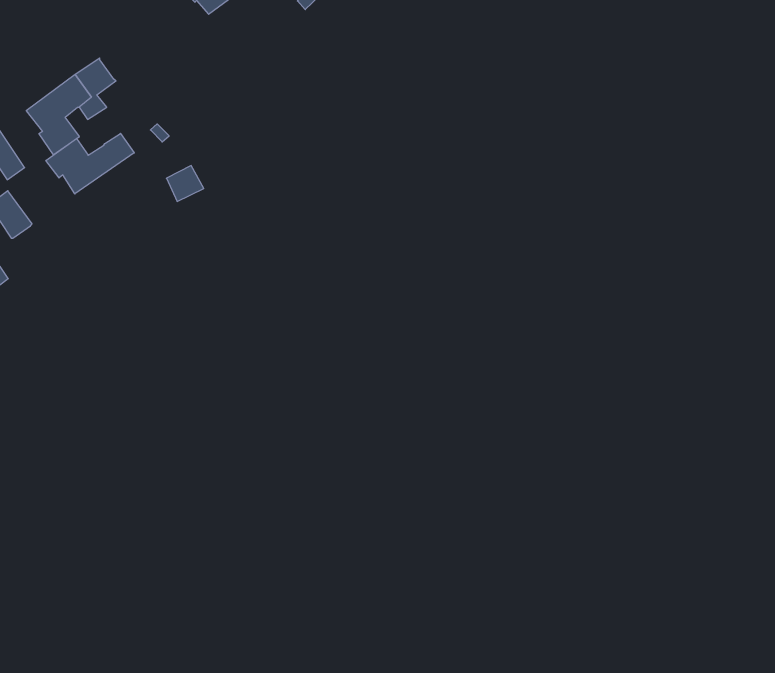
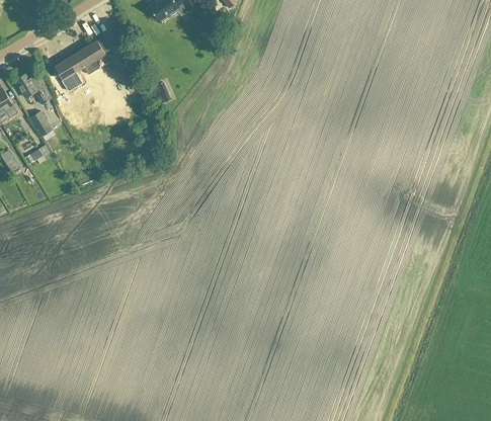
building: [46,133,134,194] -> none

